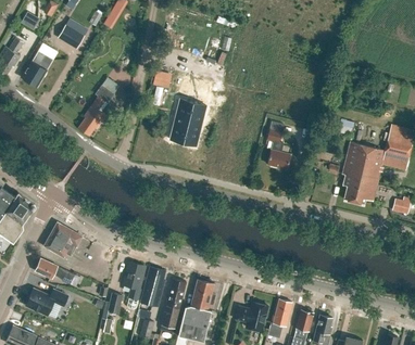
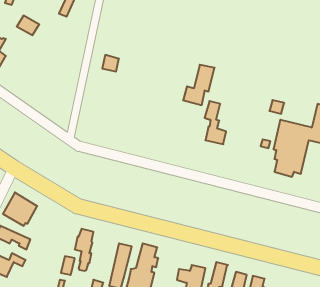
building: [78,84,114,135] -> none
building: [168,100,203,144] -> [183,65,215,105]
building: [140,267,165,305] -> none

